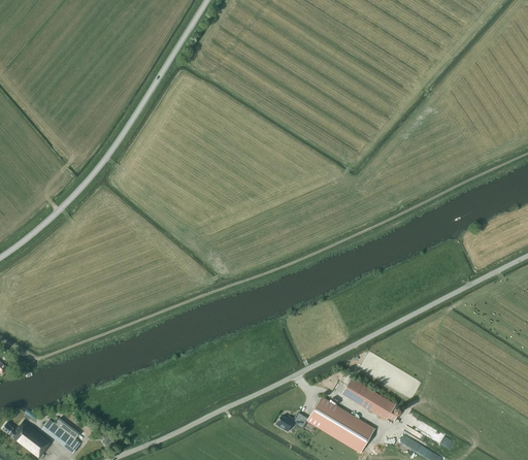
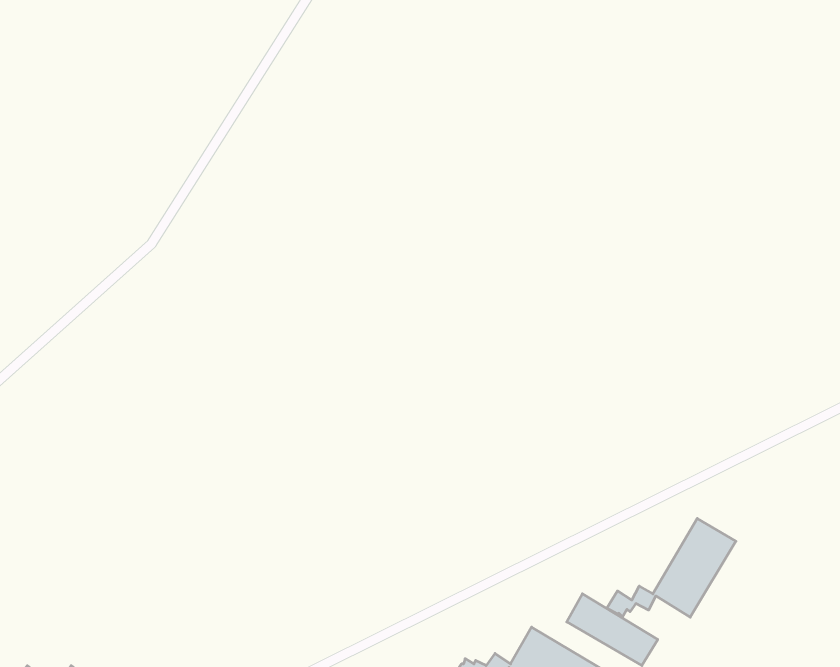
building: none -> [607,518,736,617]

